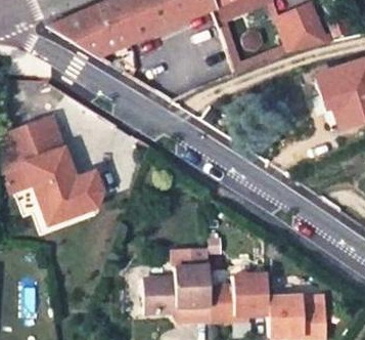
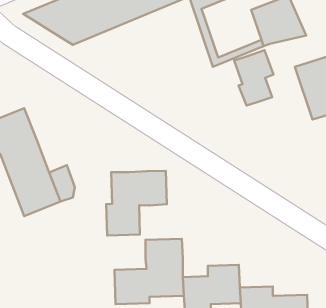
building: none -> [234,50,273,106]
building: none -> [106,171,167,236]

